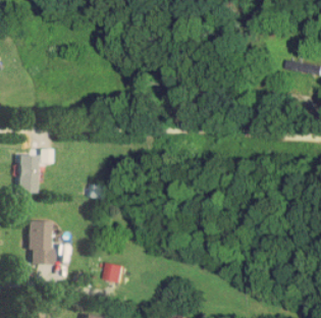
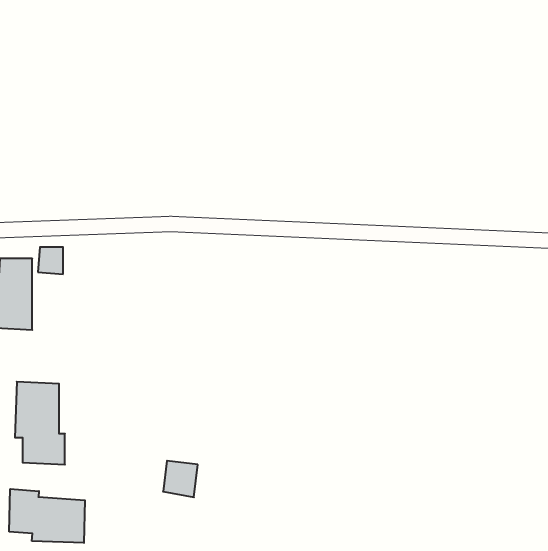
building: none -> [9,489,85,543]

